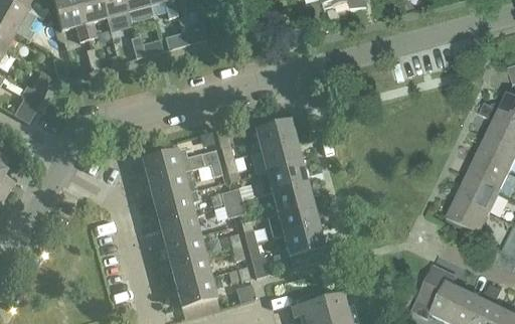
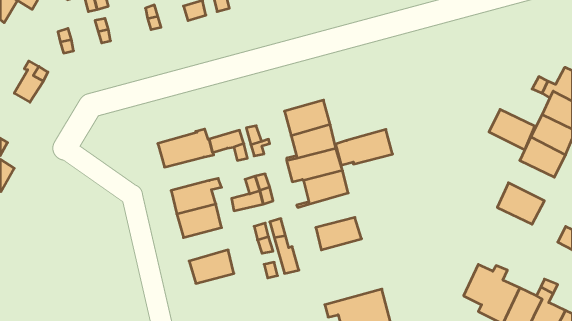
building: [148,170,197,202] -> none
building: [457,175,498,211] -> [489,109,535,150]
building: [268,204,319,236] -> [335,129,393,165]
building: [165,235,205,266] -> none
building: [176,277,216,307] -> none

